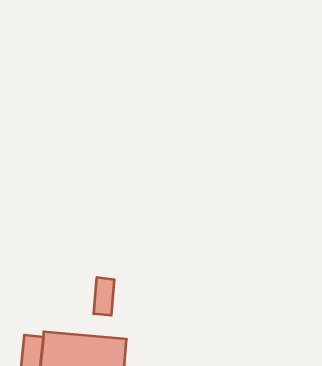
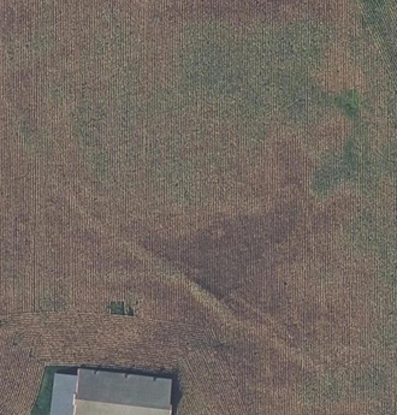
building: [94,277,114,315] -> none

